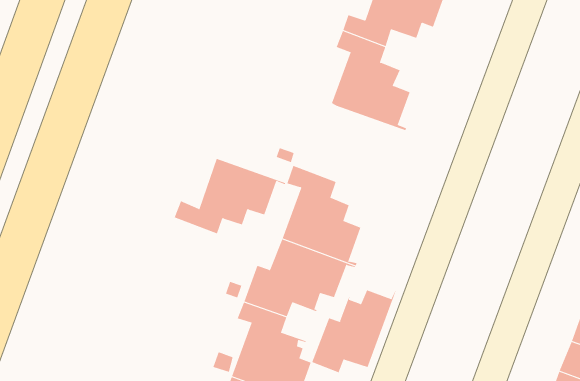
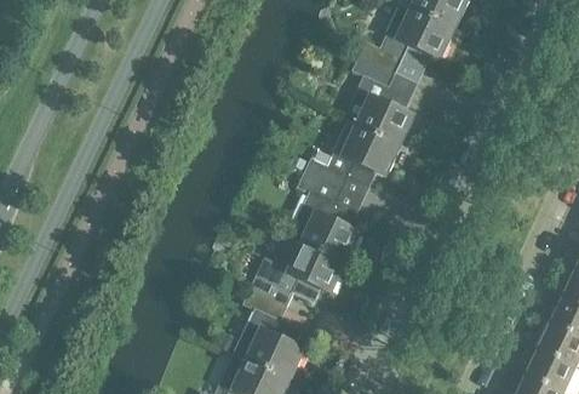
building: [174,158,287,234] -> [305,121,408,189]
building: [312,290,397,373] -> none

